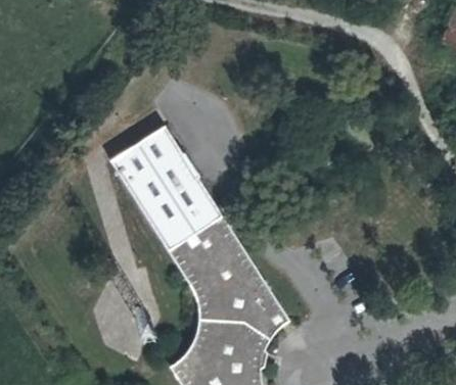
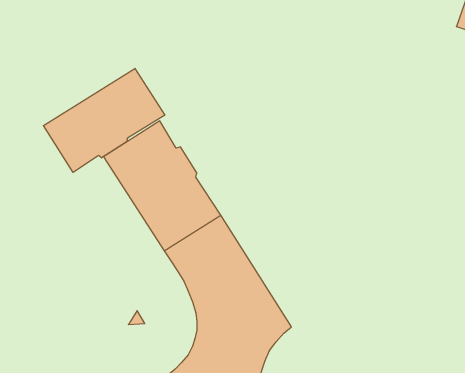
building: none -> [43,68,165,172]

